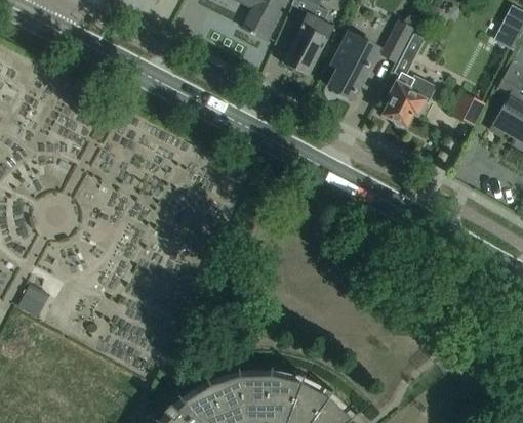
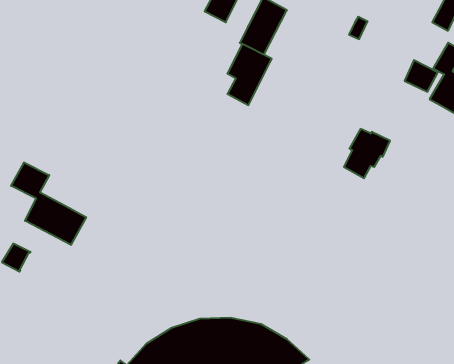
building: [381,22,413,62] -> none
building: [329,32,378,99] -> [227,44,272,105]
building: [384,73,435,127] -> [344,129,390,178]
building: none -> [11,162,86,245]

